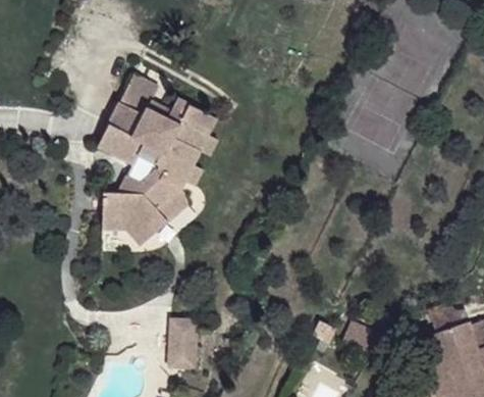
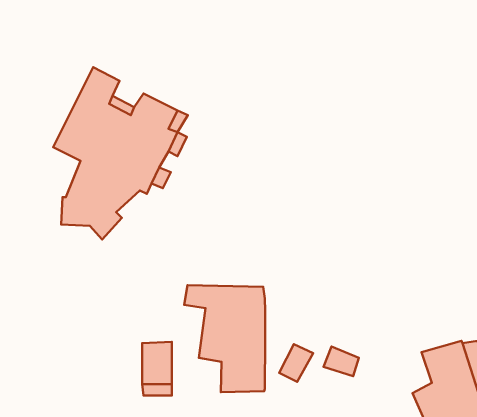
building: [106,185,190,247] -> none
building: none -> [184,285,265,392]

